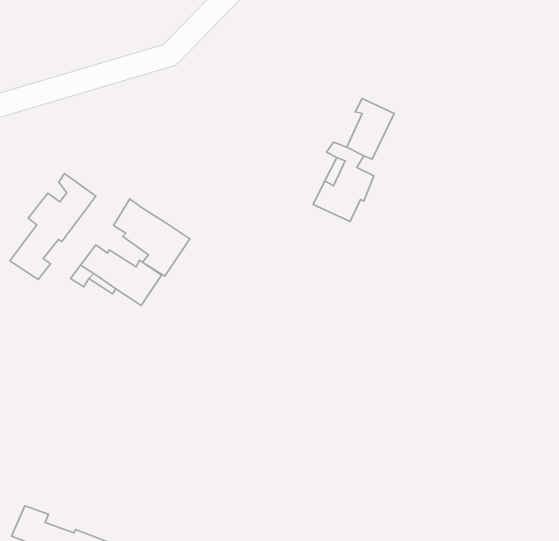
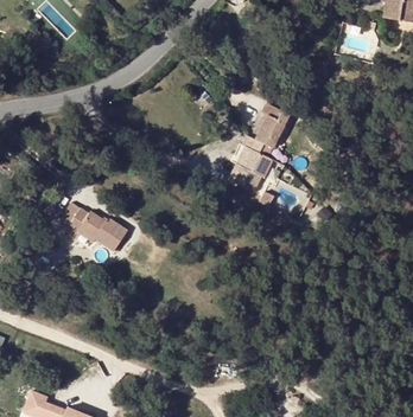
building: [10,174,96,280] -> none
building: [114,199,190,276] -> none

